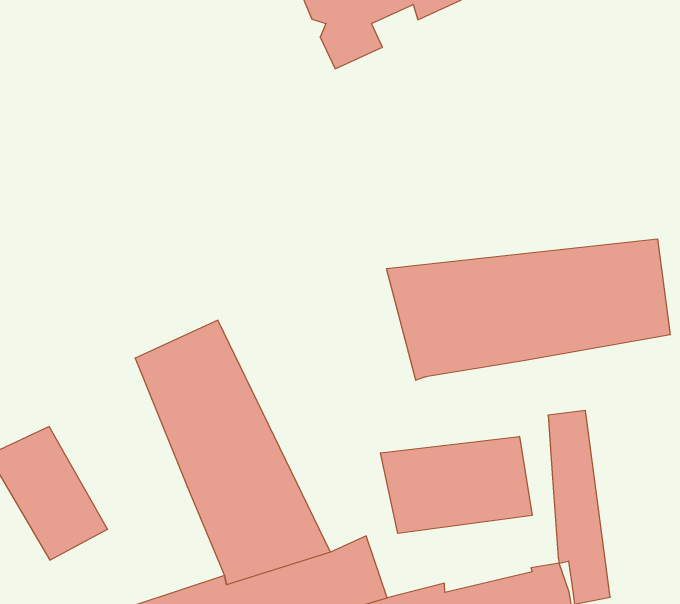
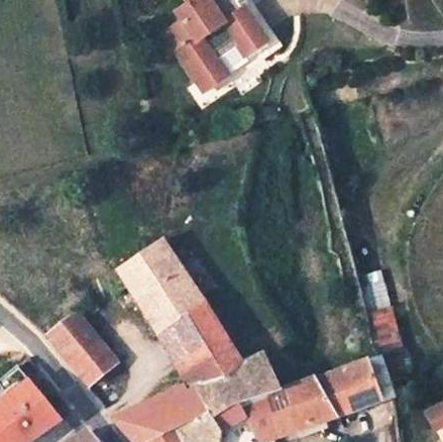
building: [387,239,670,380] -> none
building: [381,436,532,533] -> none

